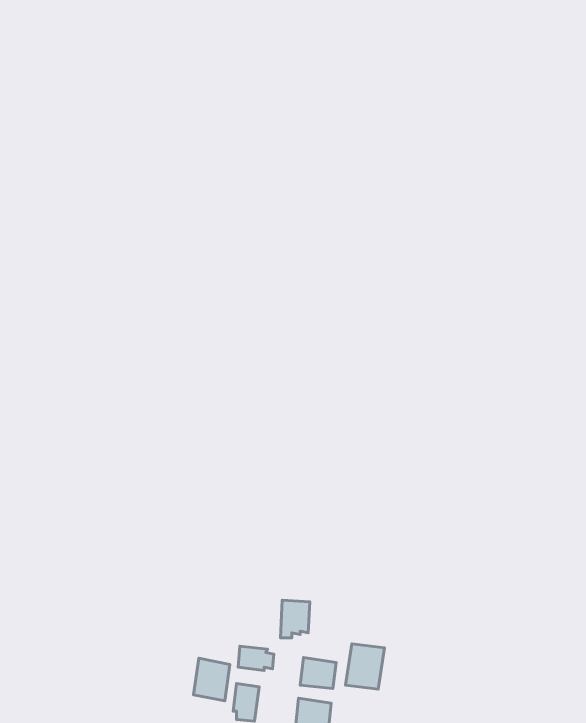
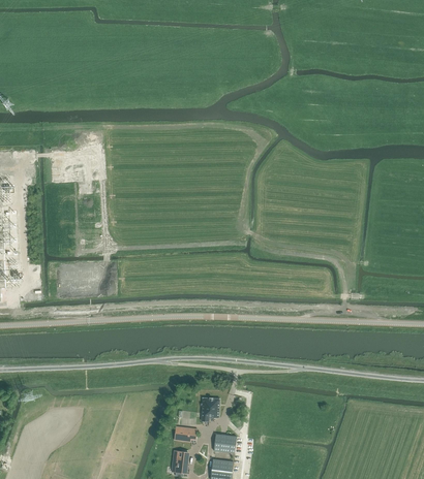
building: [345,644,385,689] -> none
building: [193,658,230,701] -> none

